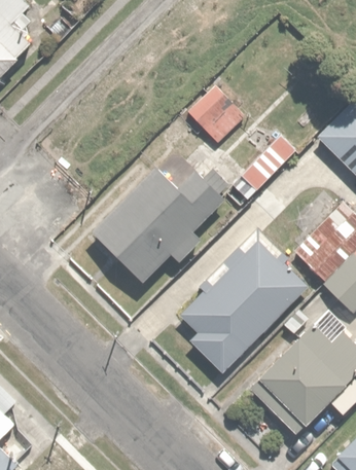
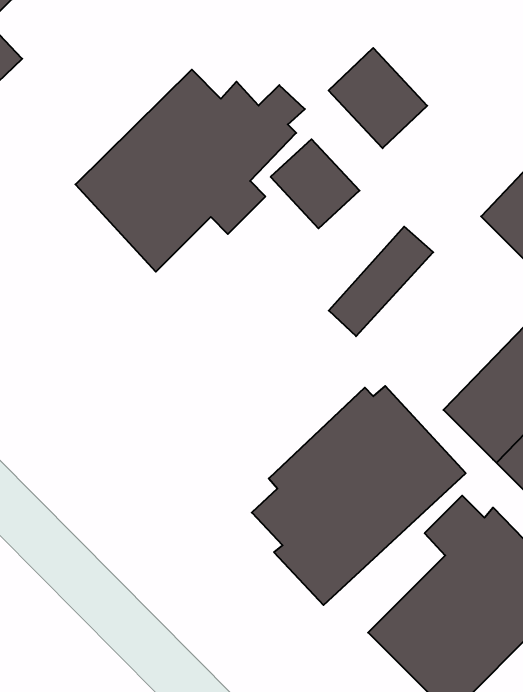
building: none -> [329,48,427,148]
building: [93,160,230,282] -> [75,70,305,272]

